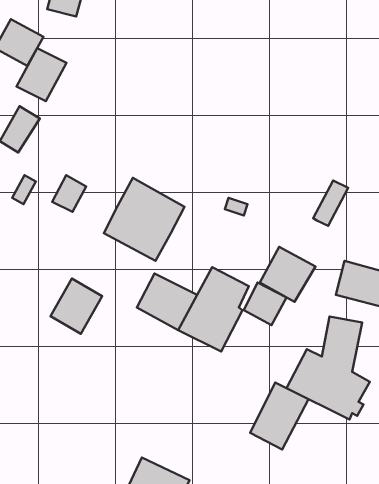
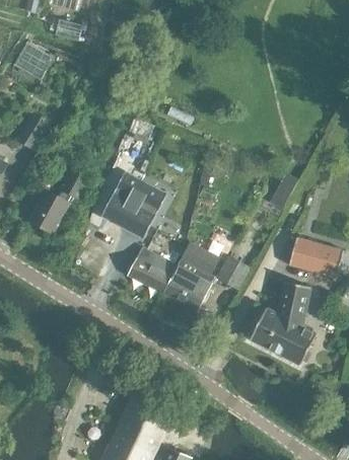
building: [17,48,67,101] -> none
building: [260,247,315,302] -> none
building: [51,279,102,334] -> [27,188,69,233]
building: [250,382,309,449] -> none

